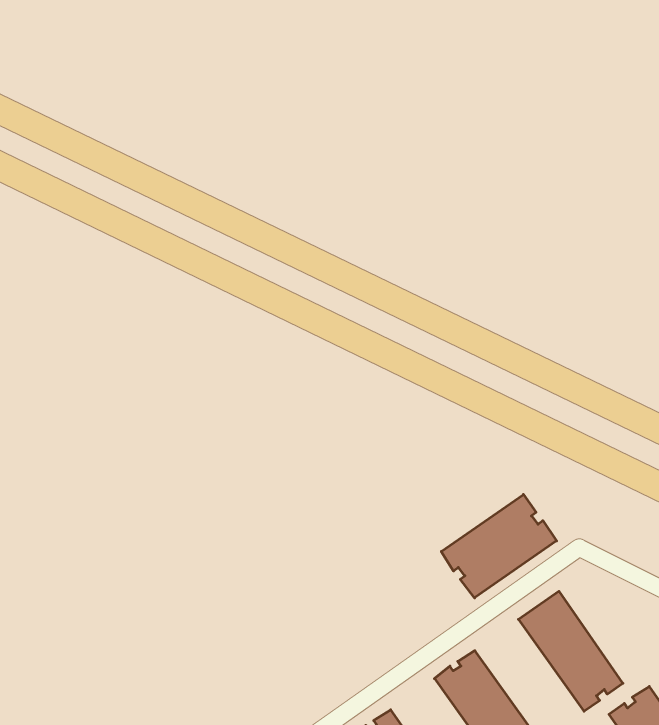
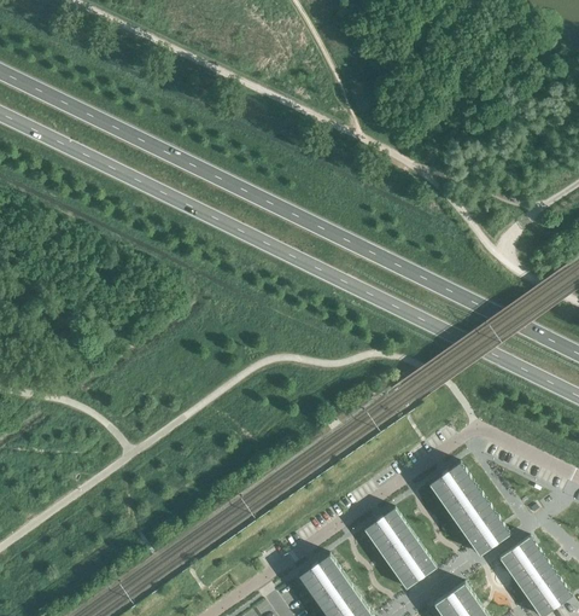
building: [441,494,557,598] -> none

